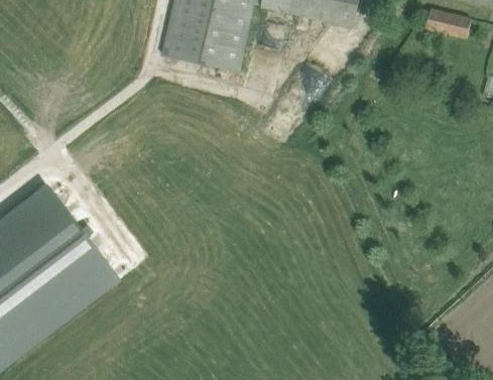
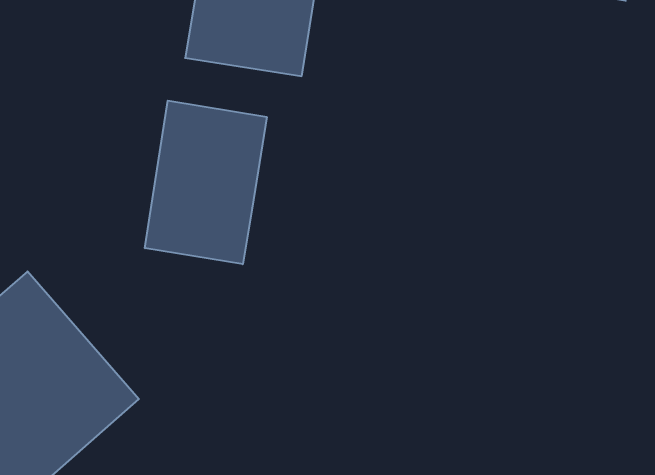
building: none -> [145,101,267,264]

